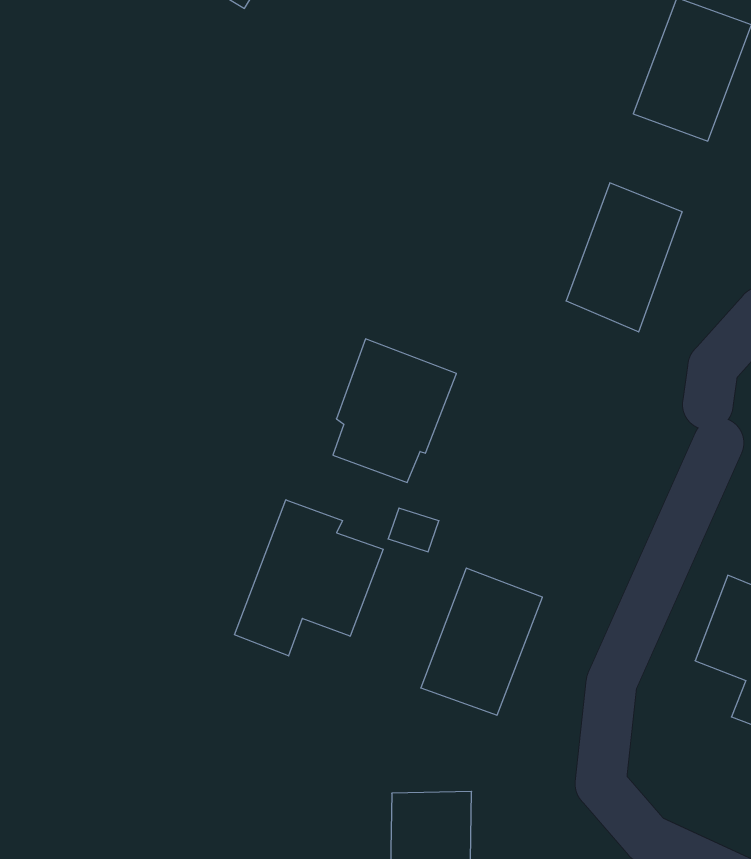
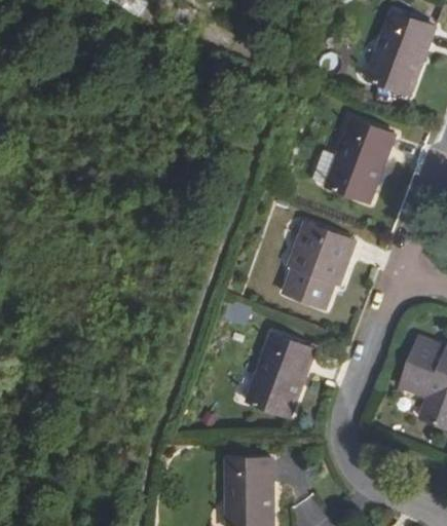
building: [333,339,456,482] -> [283,226,352,307]
building: [234,500,383,656] -> none

